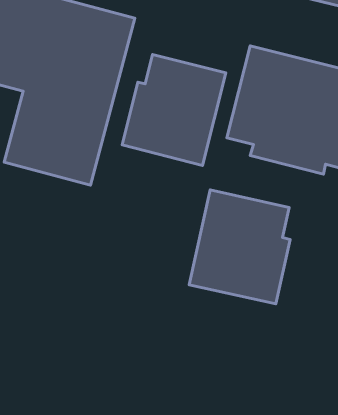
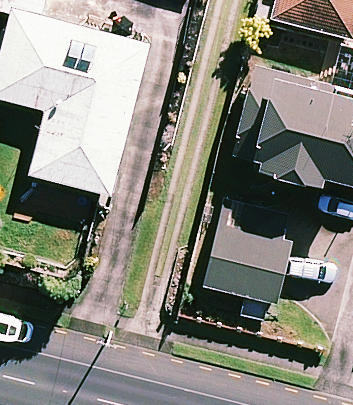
building: [122,55,226,165] -> none

